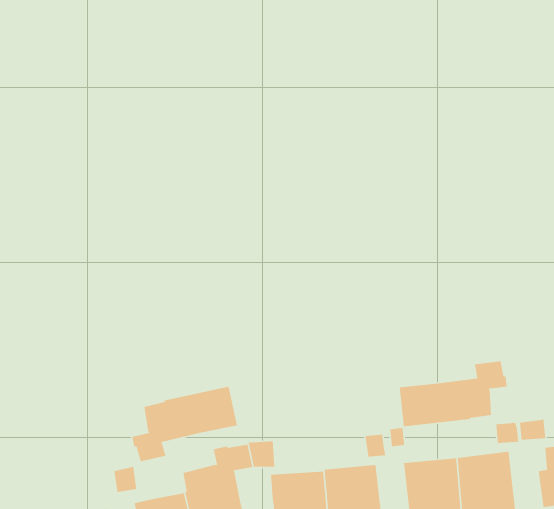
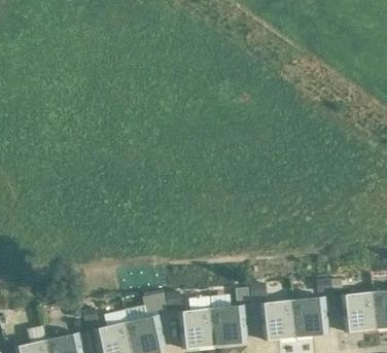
building: [399,361,507,427] -> none
building: [131,386,238,462] -> none

